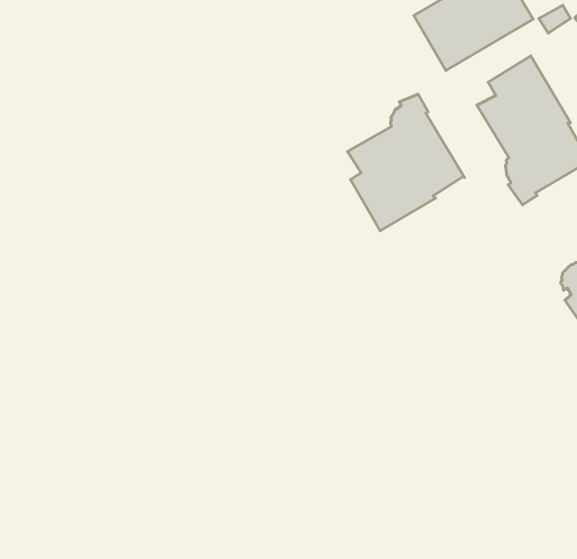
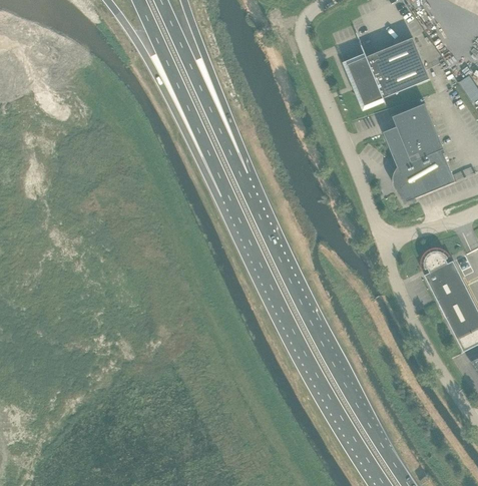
building: [348,94,464,231] -> none

